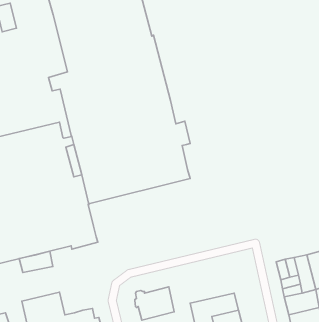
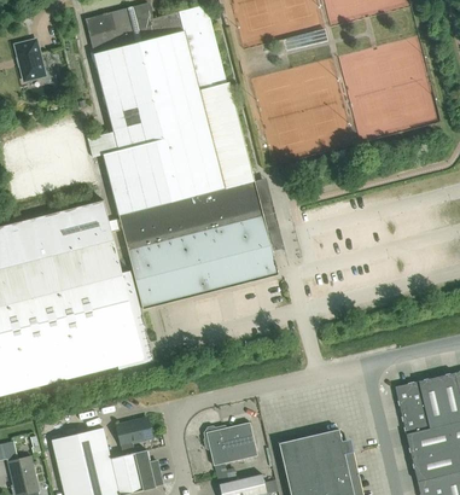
building: [19,251,53,272] -> none
building: none -> [116,419,150,455]

